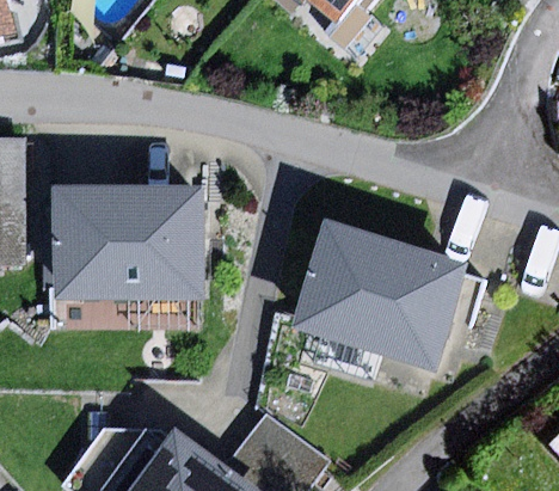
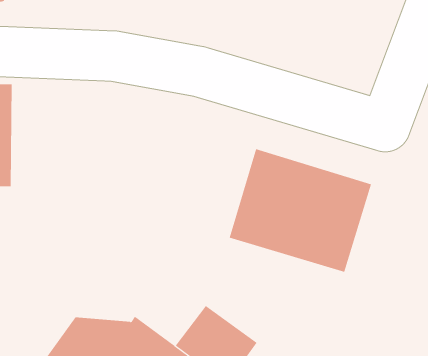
building: [39,185,204,300] -> none

